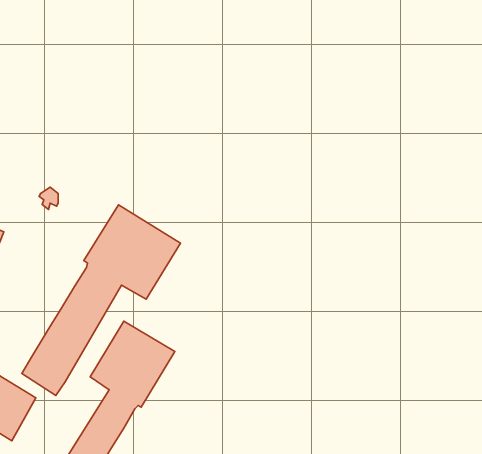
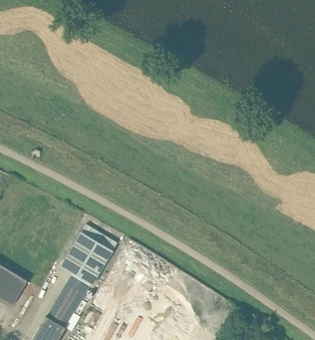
building: [22,205,180,396] -> none

